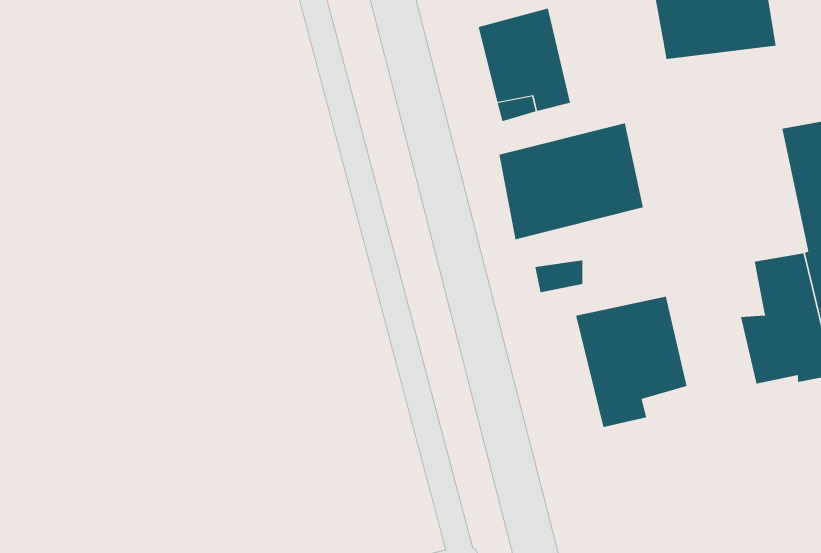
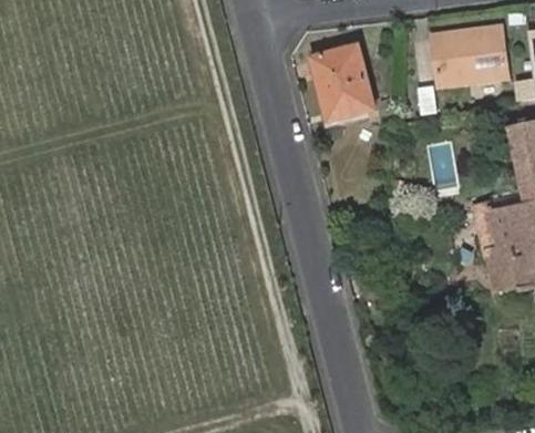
building: [499,123,644,240] -> none
building: [575,296,687,428] -> none

